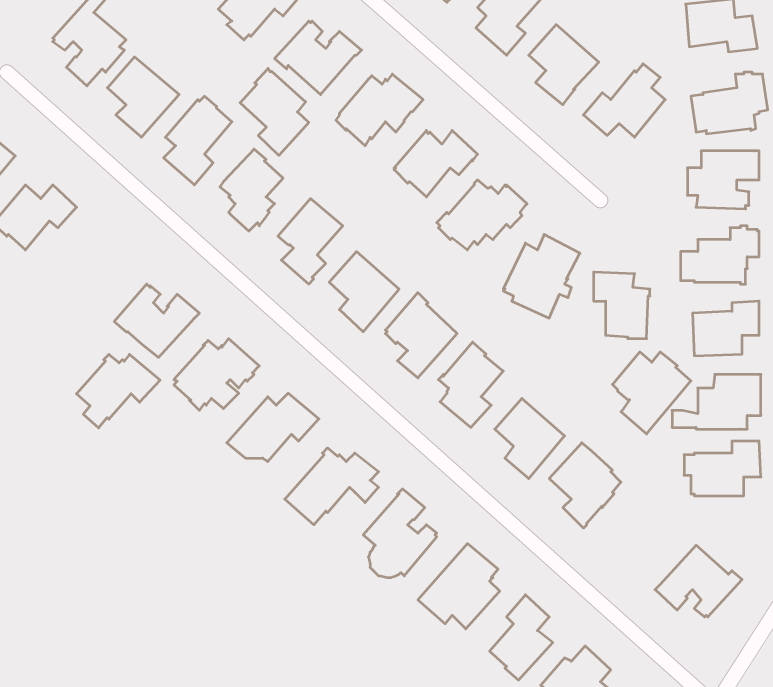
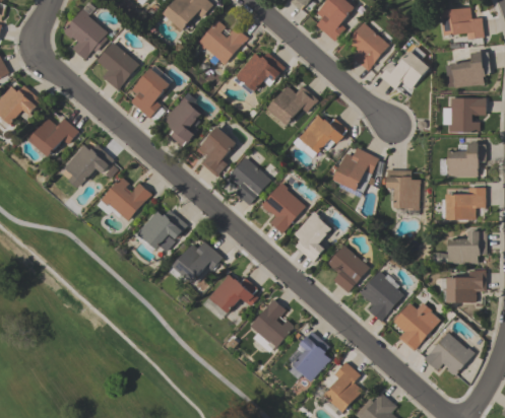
building: [240,68,309,155] -> none
building: [612,352,691,434] -> [393,302,440,351]
building: [76,354,160,428] -> [64,144,114,188]

